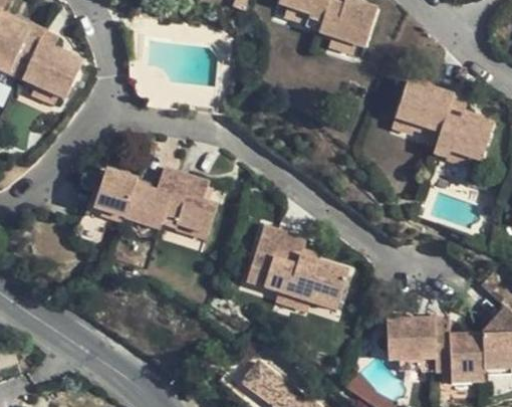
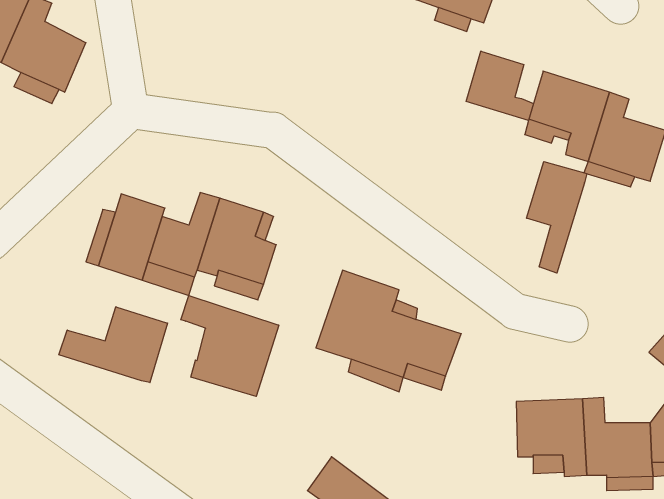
building: none -> [466,51,534,120]
building: none -> [527,162,587,273]
building: none -> [181,296,279,396]
building: none -> [59,307,168,383]

